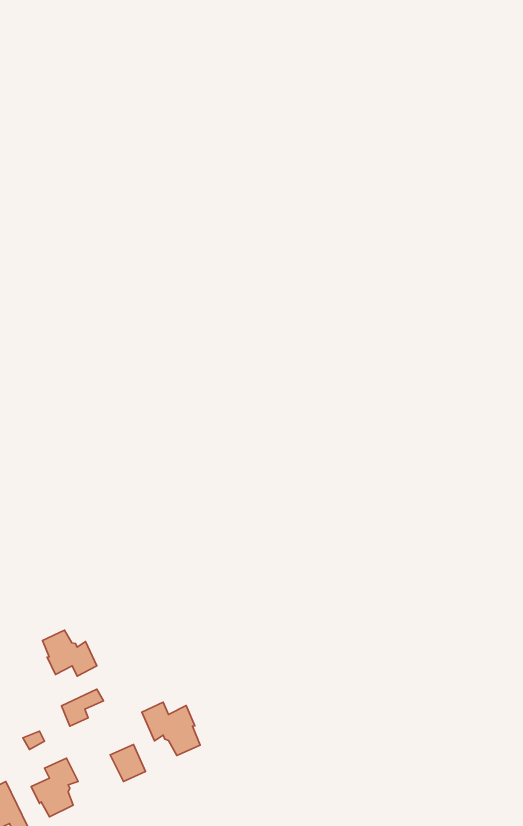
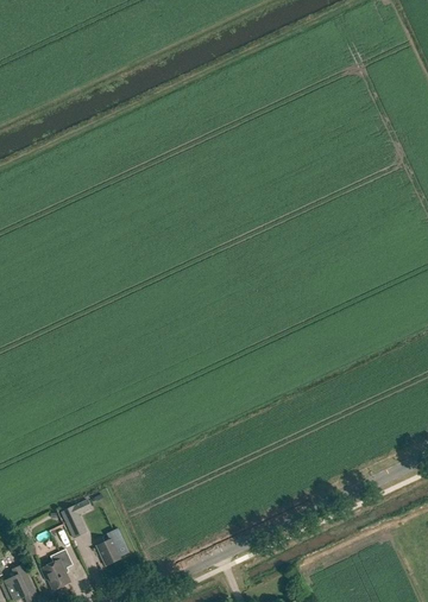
building: [42,630,97,676] -> none
building: [142,702,200,755] -> none

